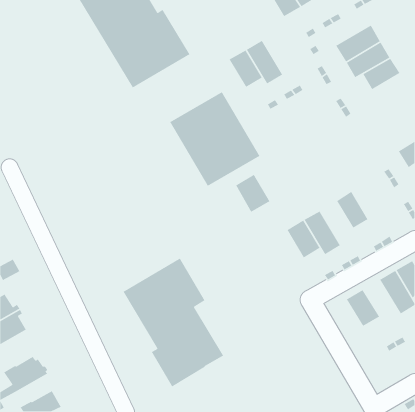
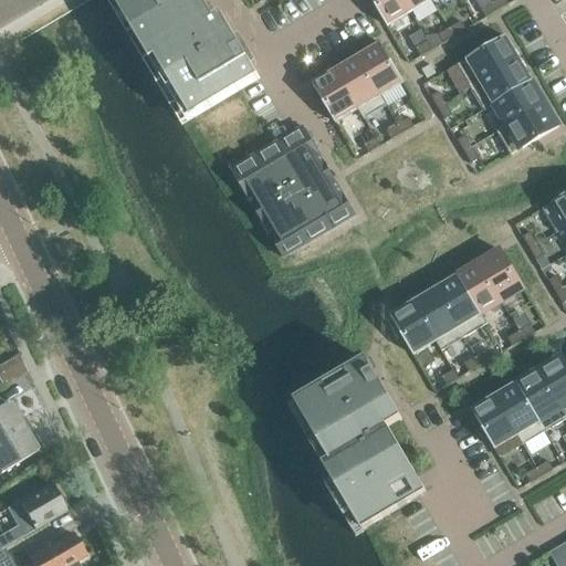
building: none -> [356,40,402,102]
building: none -> [495,99,557,151]
building: [235,174,271,213] -> none
building: none -> [478,248,522,298]
building: none -> [434,273,485,334]
building: [122,258,224,388] -> [287,356,426,533]
building: none -> [493,380,544,441]

